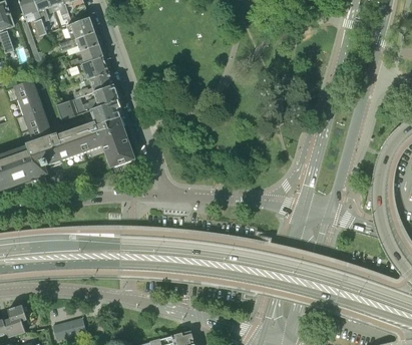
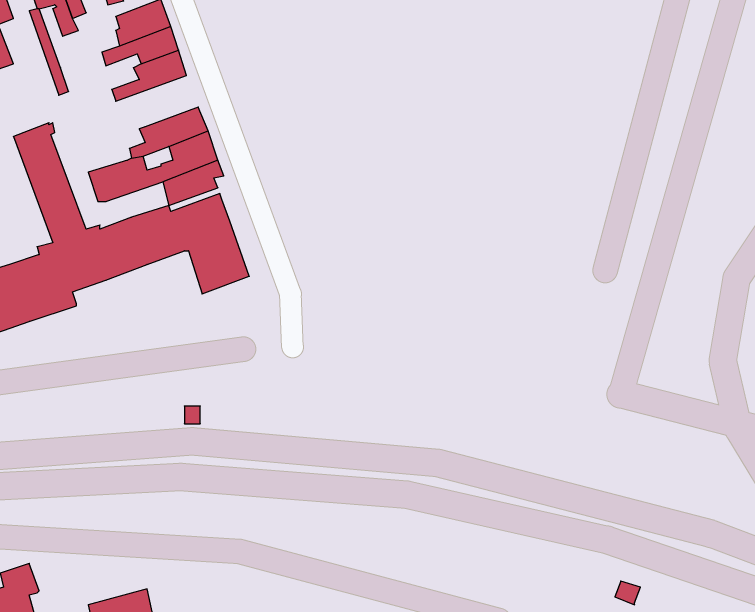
building: [65,55,108,81] -> none

